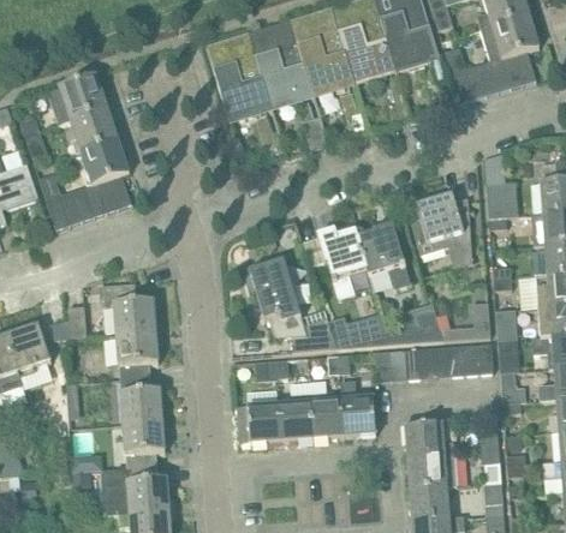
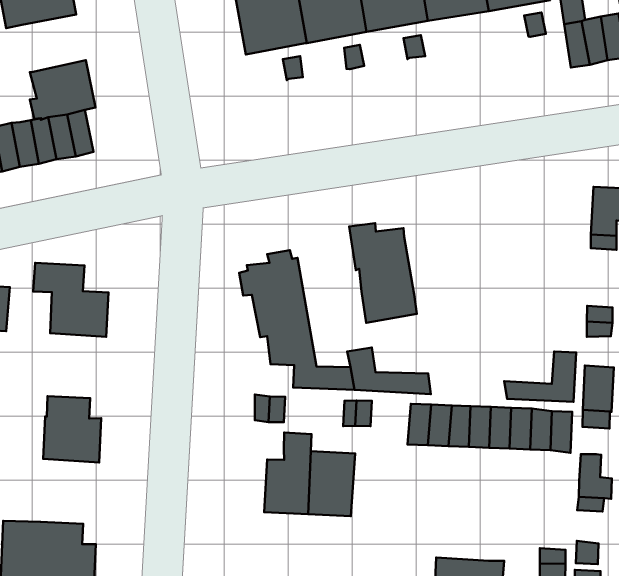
building: [70,108,118,152] -> none
building: [410,193,472,268] -> none
building: [357,223,411,289] -> none
building: [386,310,443,343] -> none
building: [117,331,157,378] -> none
building: [340,381,376,436] -> none
building: [237,403,282,443] -> none
building: [123,420,165,467] -> none
building: [405,424,445,457] -> none

